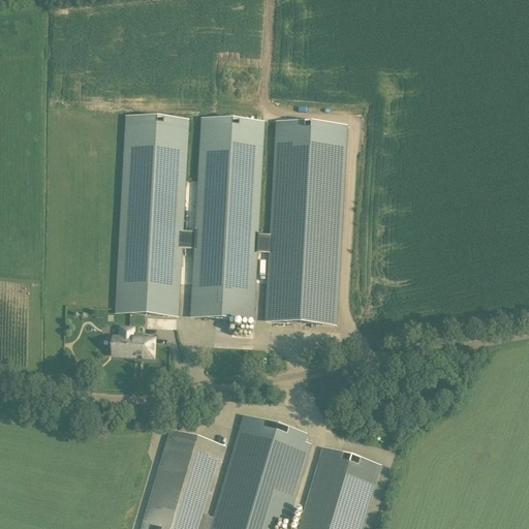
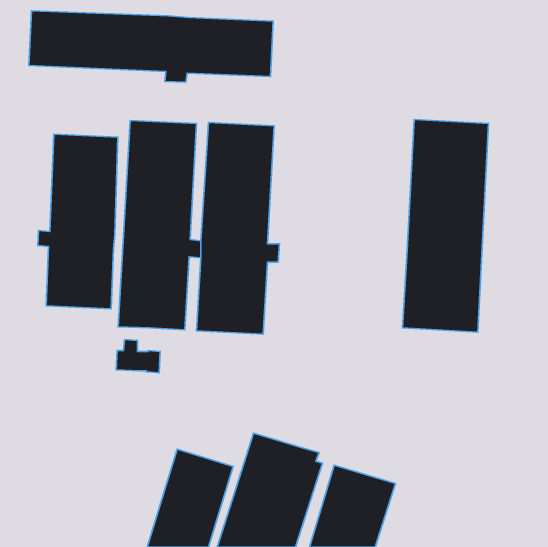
building: none -> [29,11,273,82]
building: [263,121,346,325] -> [402,119,488,332]
building: none -> [38,134,118,309]

